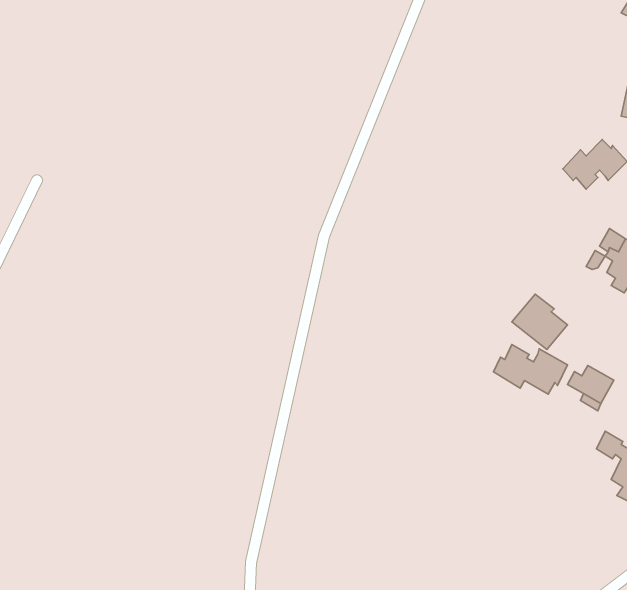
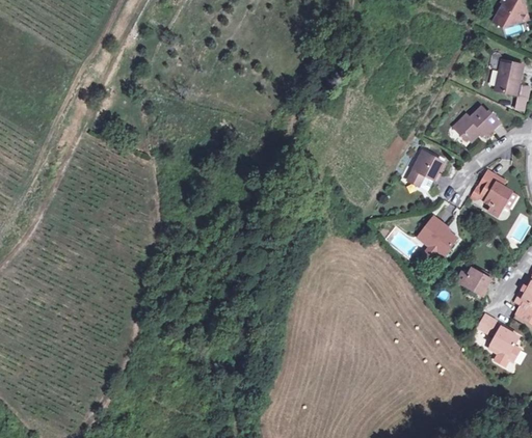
building: none -> [407,149,444,185]
building: [493,345,568,394] -> none

